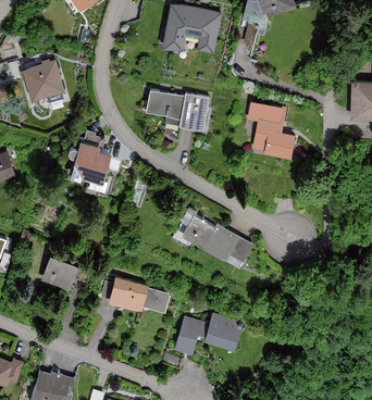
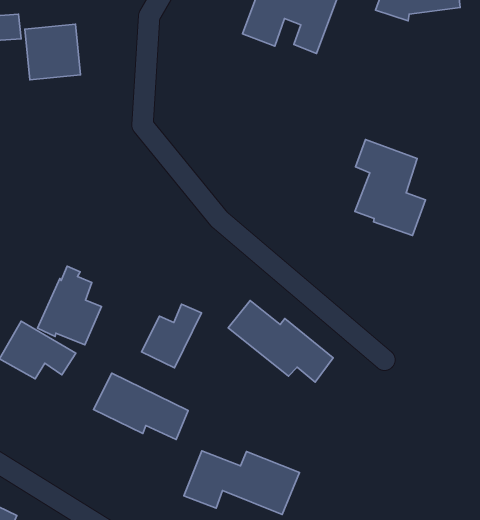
building: [146,90,209,132] -> none
building: [75,133,113,180] -> [38,266,102,345]
building: none -> [141,304,202,368]

